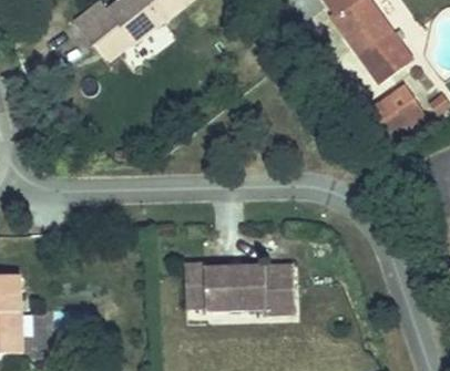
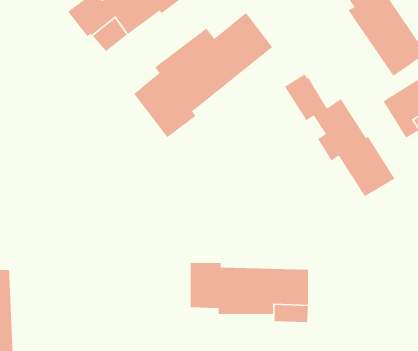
building: none -> [133,12,273,138]
building: none -> [284,74,395,197]

